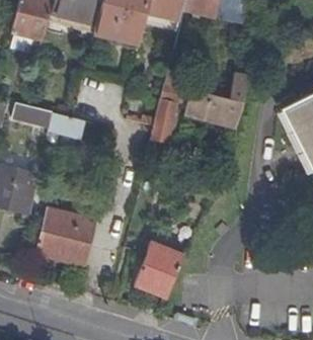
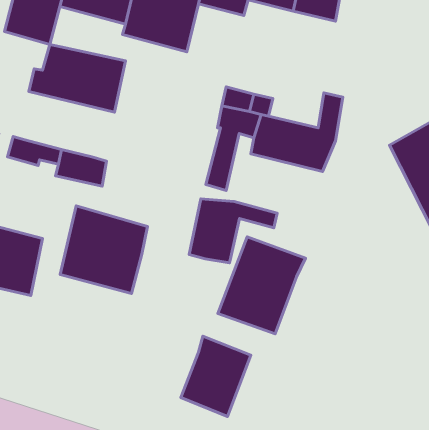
building: none -> [29,45,125,112]
building: none -> [189,199,277,263]
building: none -> [218,237,306,334]
building: [35,207,96,268] -> [60,206,148,293]

